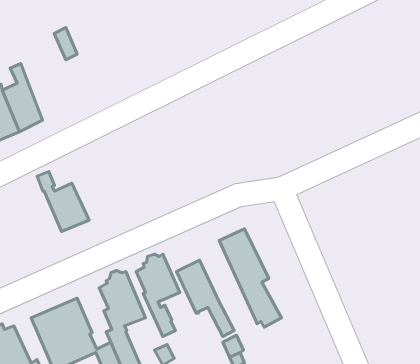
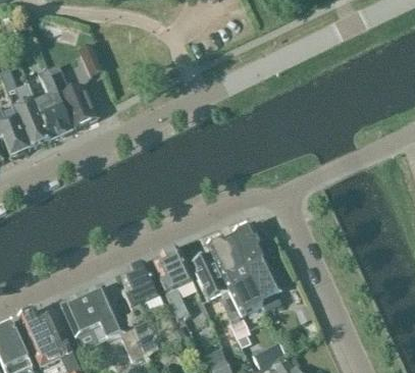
building: [37,172,89,232] -> [52,74,98,127]
building: none -> [206,234,261,315]

